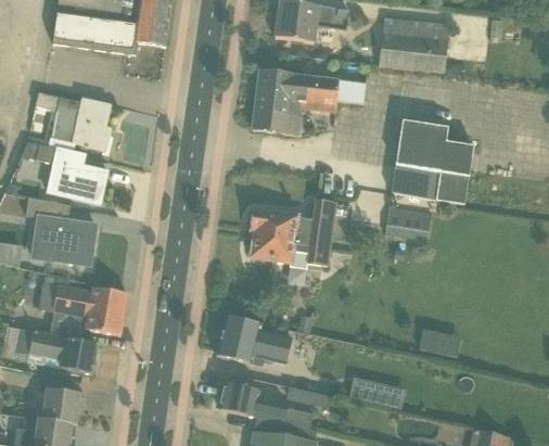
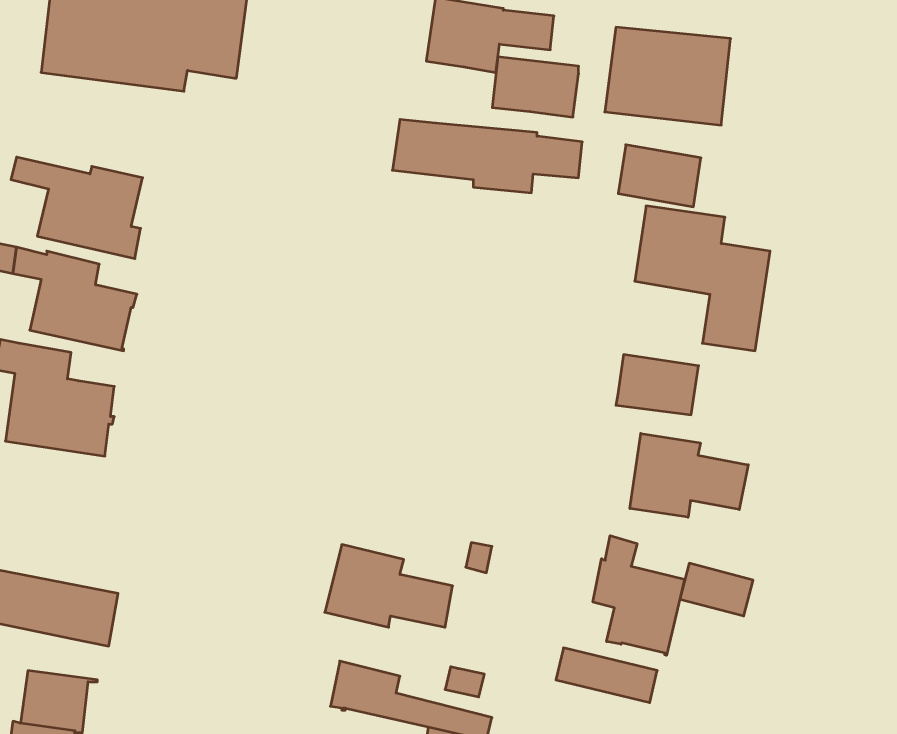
building: [252,99,302,133] -> [492,57,579,117]
building: [391,163,438,199] -> [618,145,701,207]
building: [250,199,336,269] -> none
building: none -> [630,433,748,517]
building: [37,282,127,333] -> none
building: none -> [593,536,685,655]

